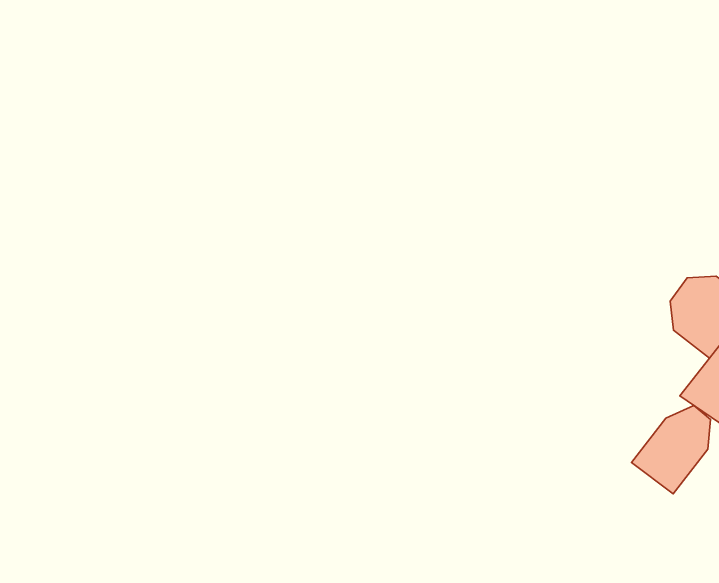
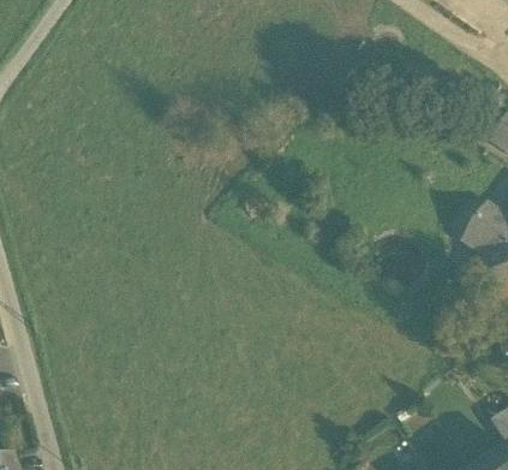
building: [631,405,711,494] -> none

